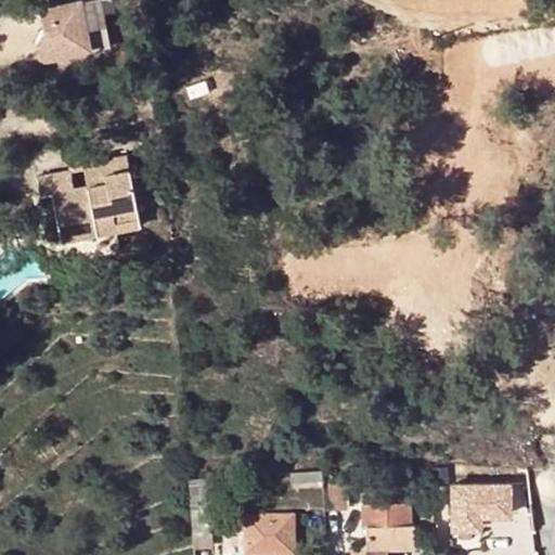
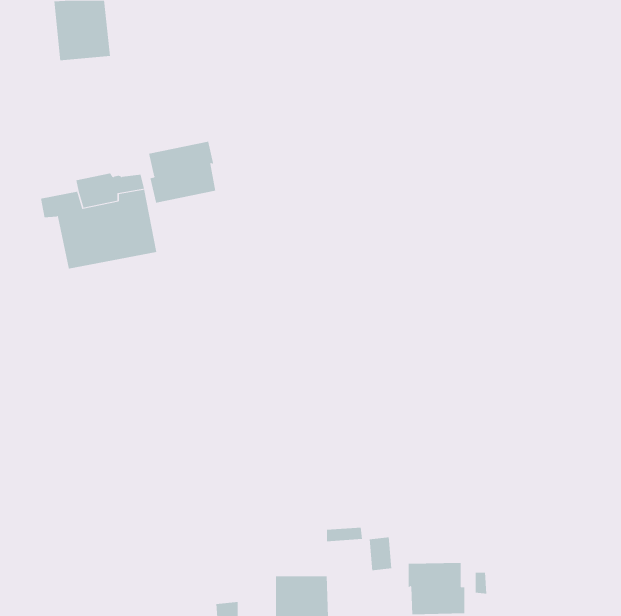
building: none -> [148,141,216,204]
building: [455,483,525,534] -> none

